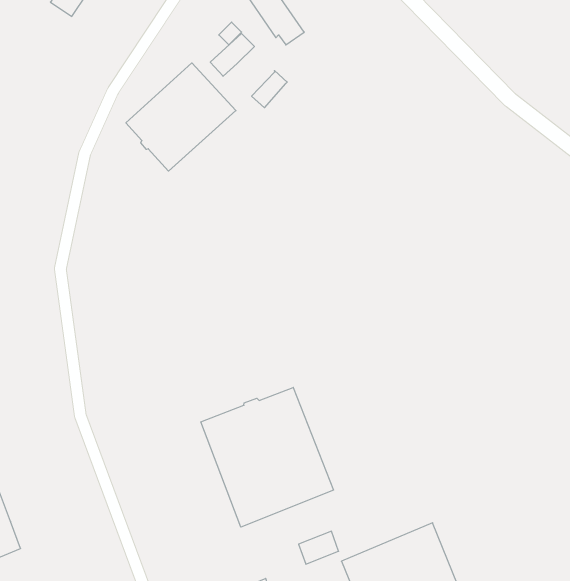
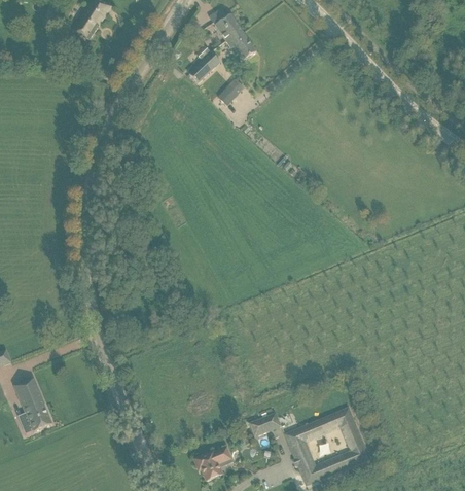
building: [126,63,236,171] -> none
building: [201,387,333,527] -> none

